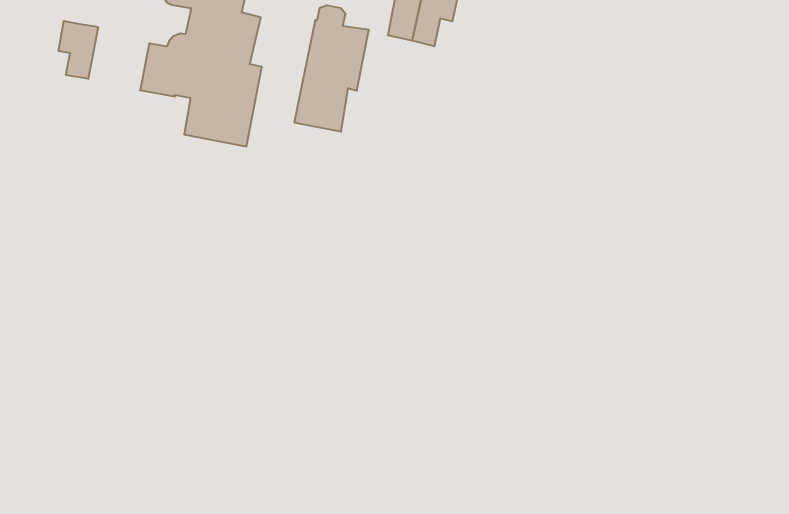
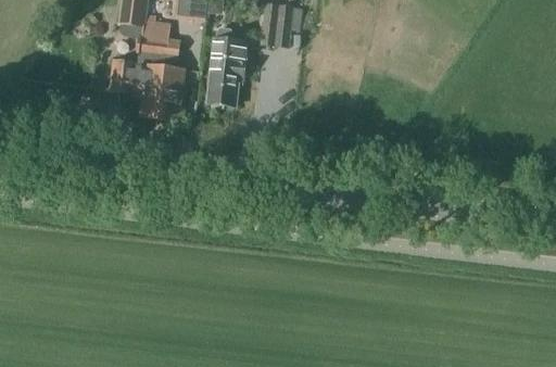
building: [58,21,98,79] -> none

